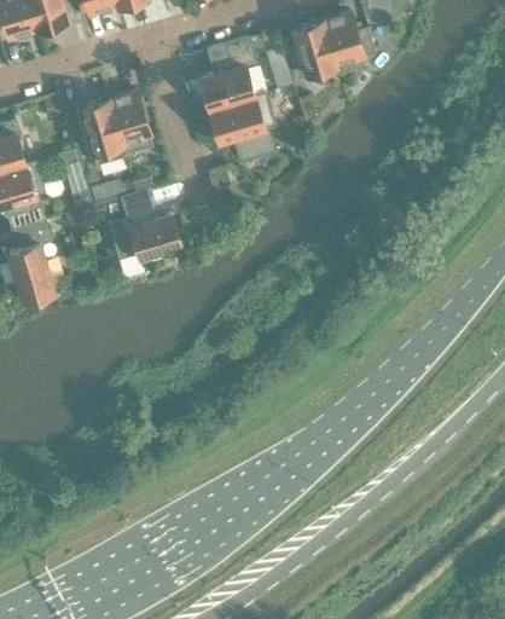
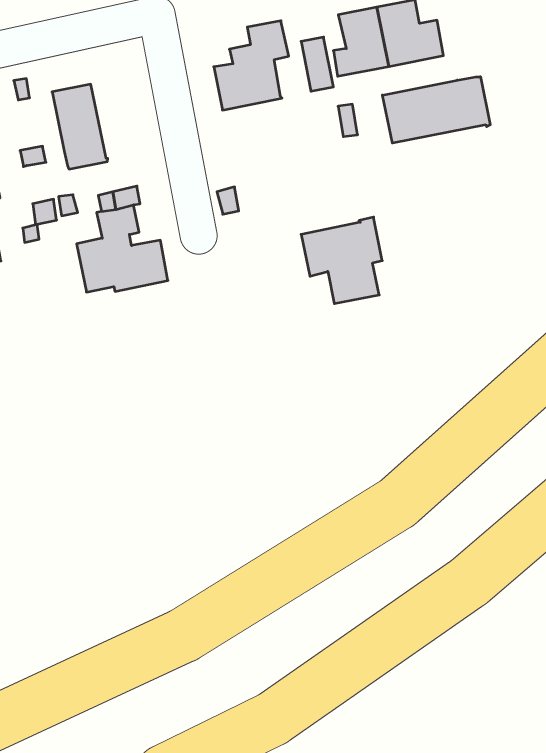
building: none -> [382,77,490,143]
building: [108,91,153,155] -> none
building: [210,92,274,161] -> [301,217,382,304]

